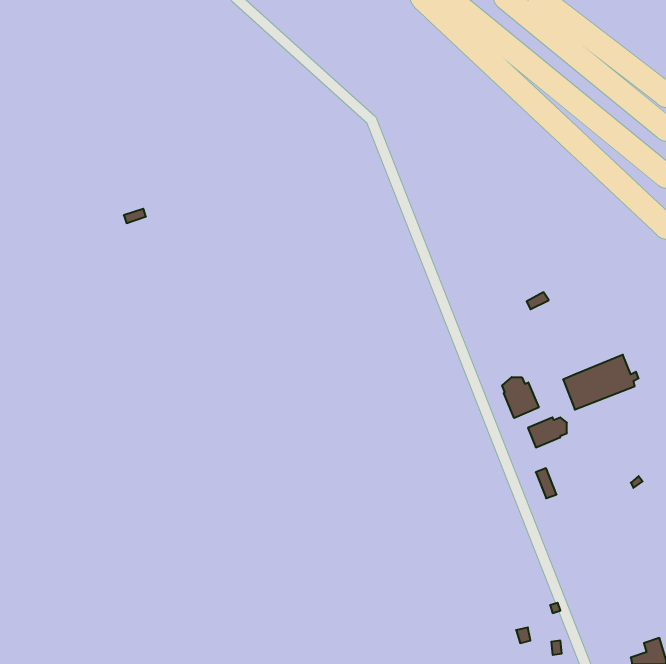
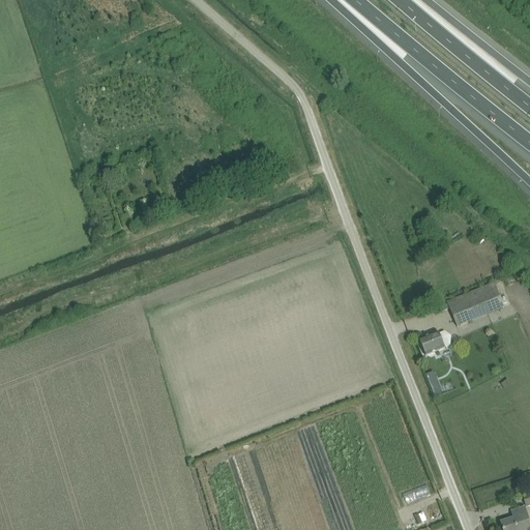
building: [502,377,539,418] -> none

